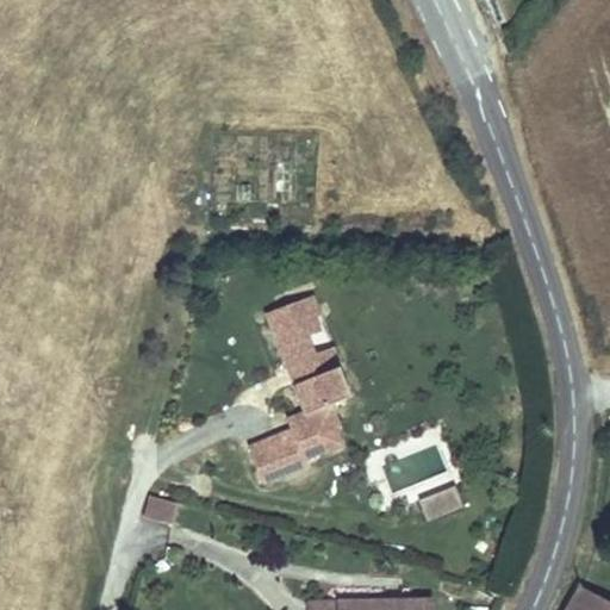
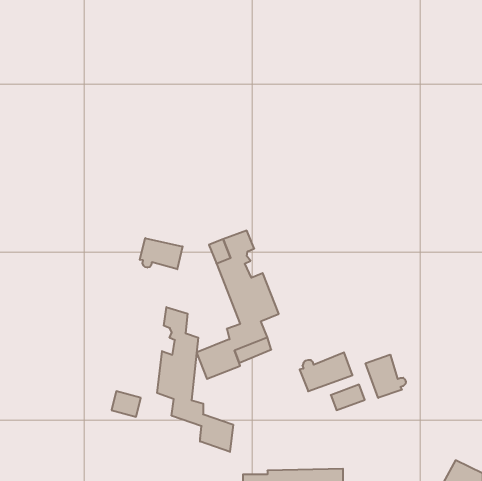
building: none -> [140,238,183,269]
building: none -> [157,307,233,452]
building: none -> [366,355,406,398]

